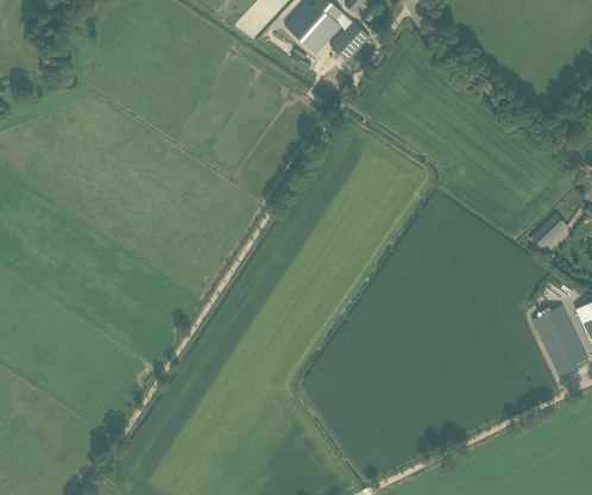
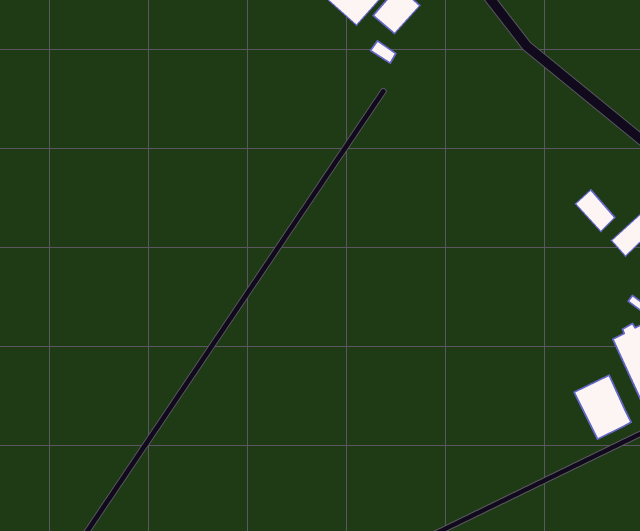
building: none -> [576,190,615,232]
building: none -> [574,375,631,439]

